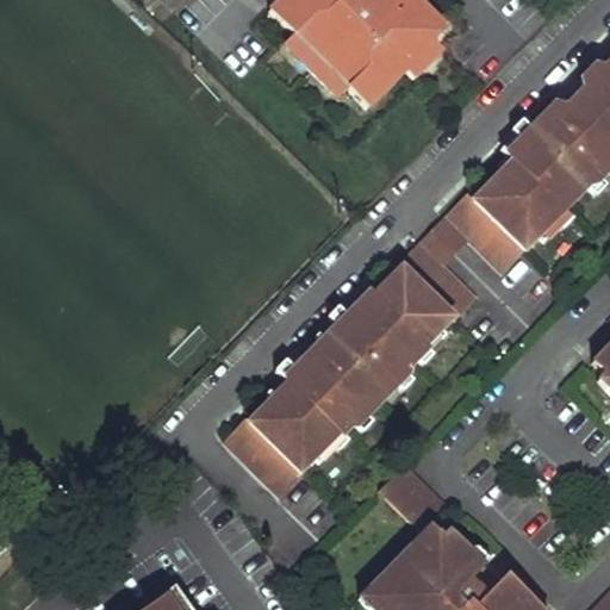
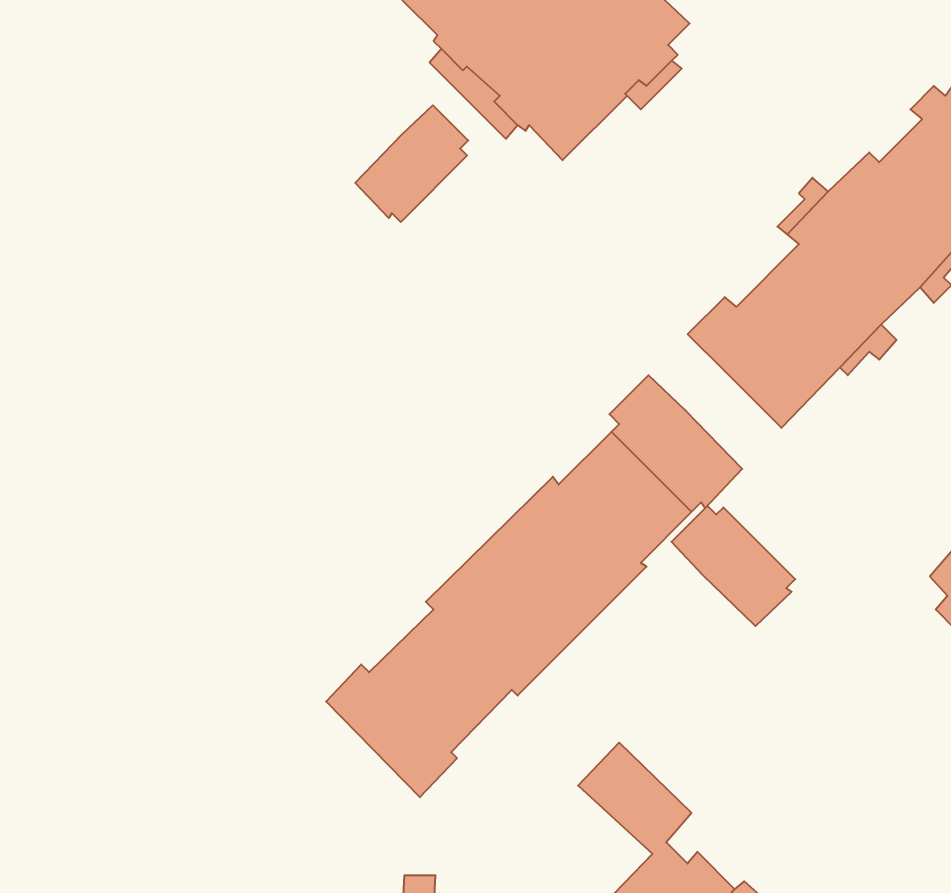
building: none -> [355,105,468,222]
building: [422,214,468,261] -> none
building: none -> [671,506,795,626]

